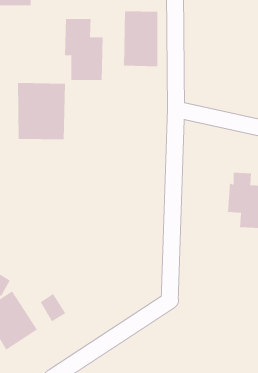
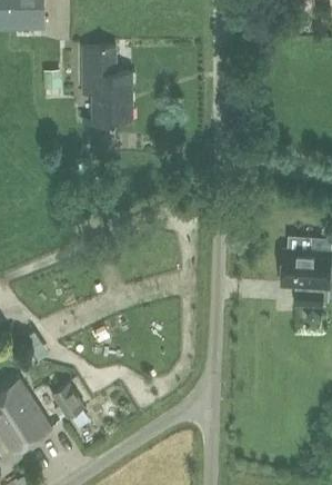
building: [123,10,158,67] -> none
building: [18,82,66,140] -> none

